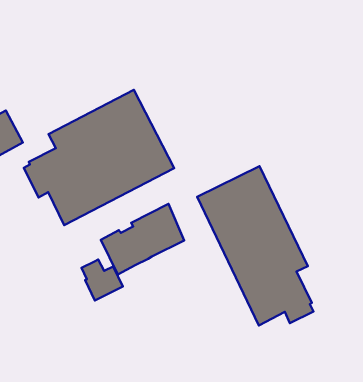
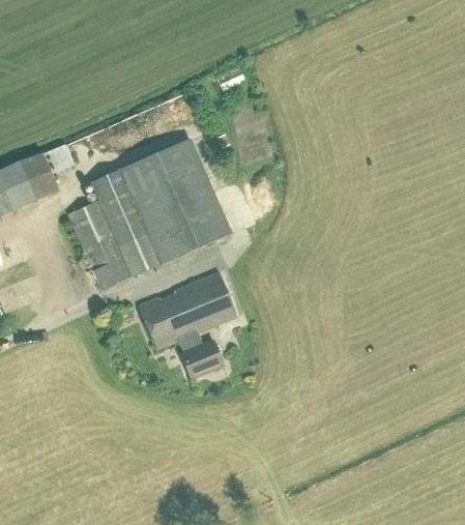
building: [197,166,313,326] -> none
building: [81,259,123,300] -> [178,331,224,378]

